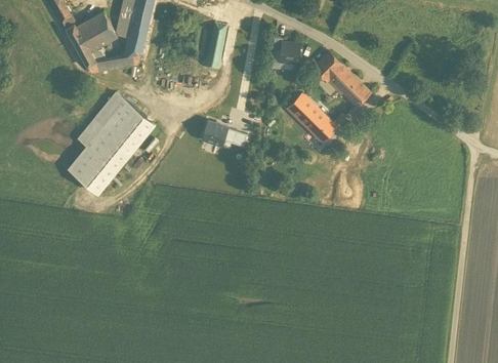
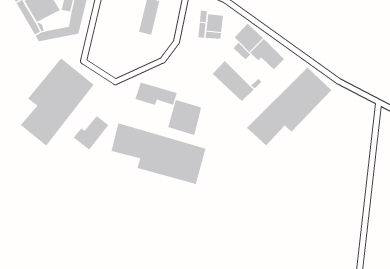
building: none -> [246,67,332,146]
building: none -> [167,99,201,136]
building: none -> [73,115,109,150]
building: none -> [111,122,206,185]

